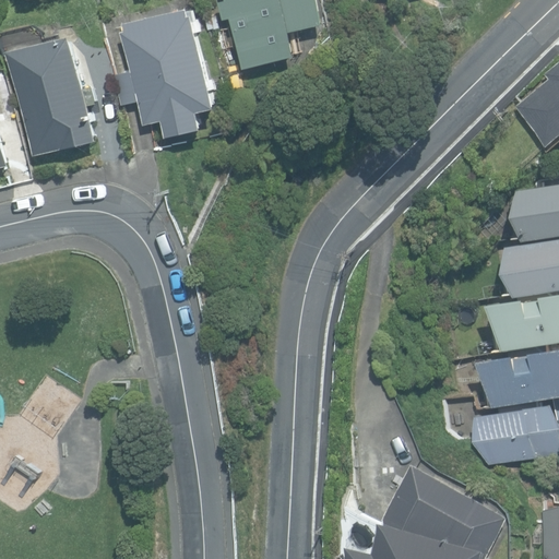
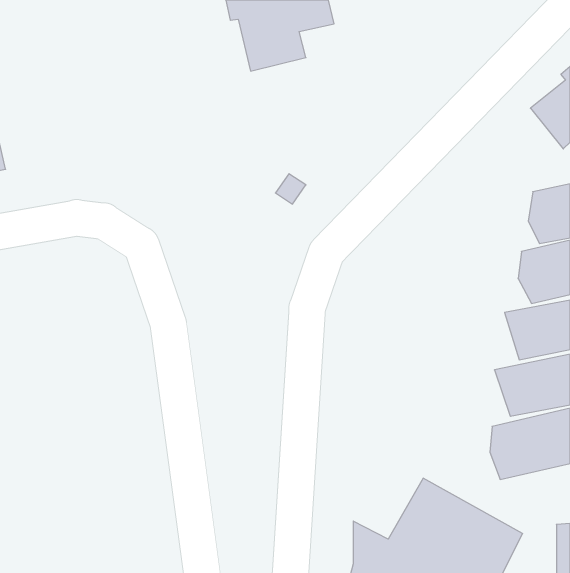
building: [112,10,214,139] -> none
building: [8,39,96,157] -> none

